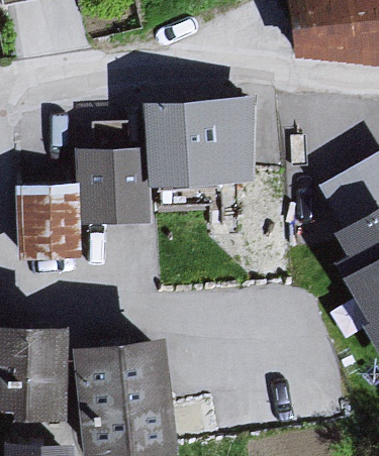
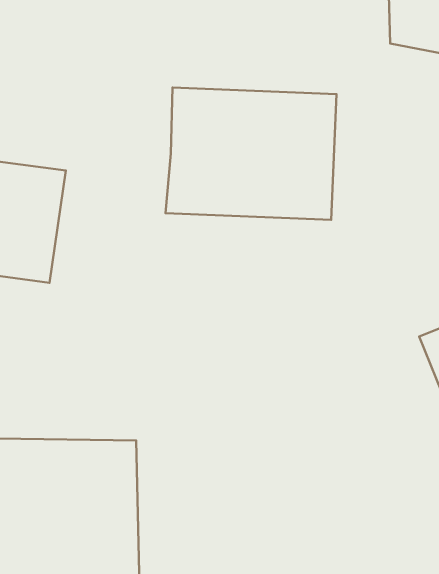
building: [82,149,152,224] -> none

